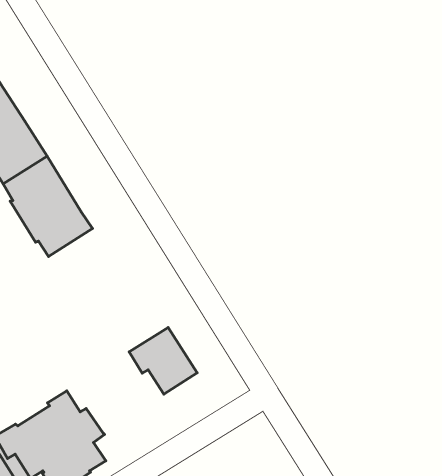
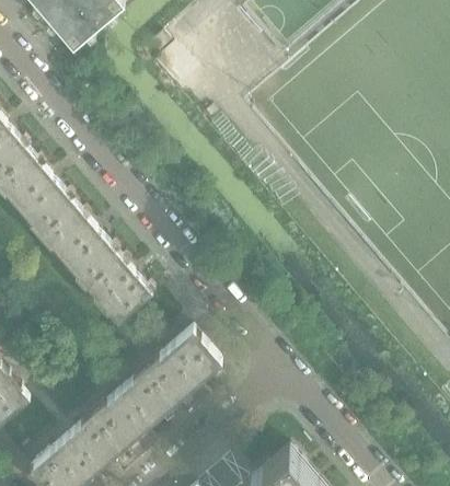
building: none -> [84,258,149,324]
building: none -> [117,352,208,430]

